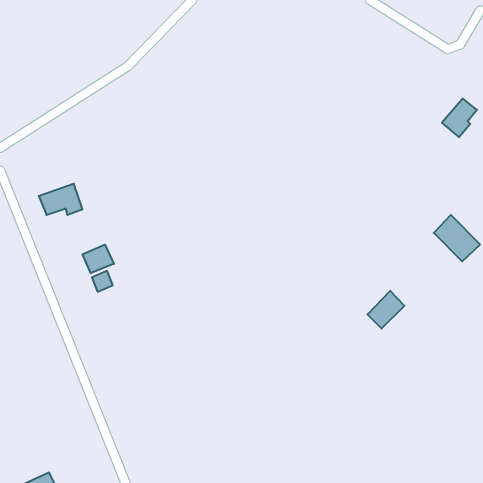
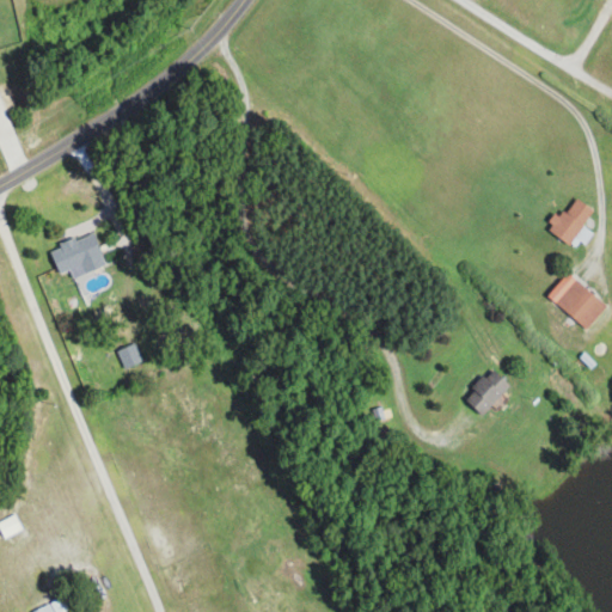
building: [442,98,477,137] -> [549,197,593,246]
building: [83,245,114,273] -> none

